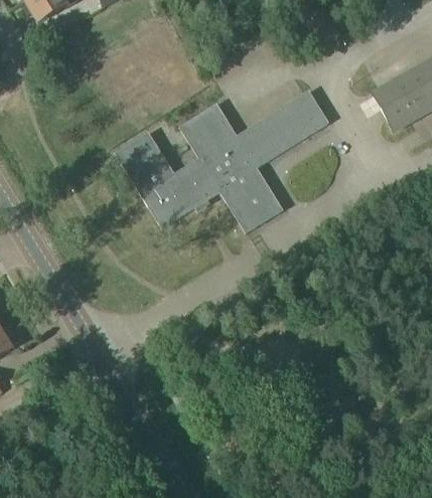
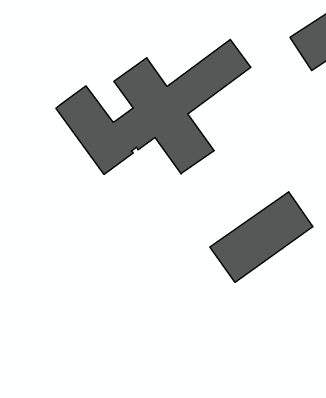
building: none -> [210,192,313,282]

